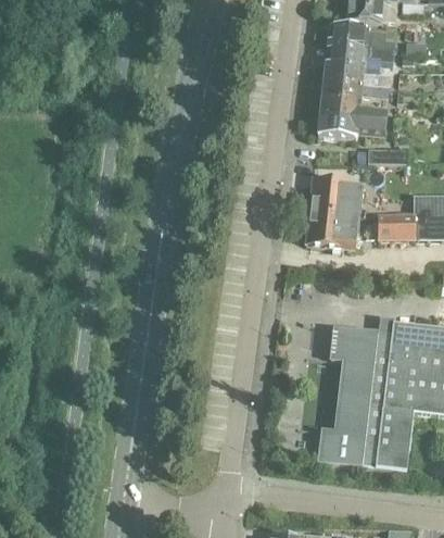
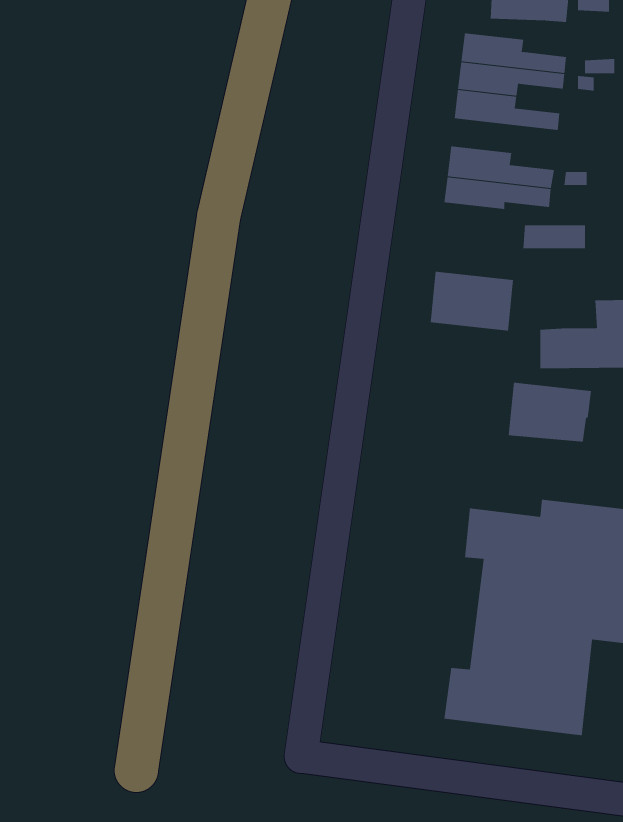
building: [322,79,391,101] -> none
building: [306,209,359,247] -> [508,382,592,442]

